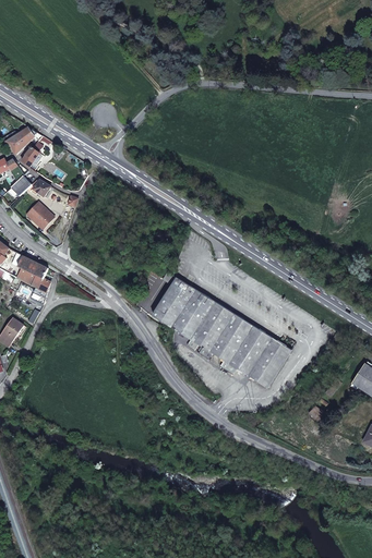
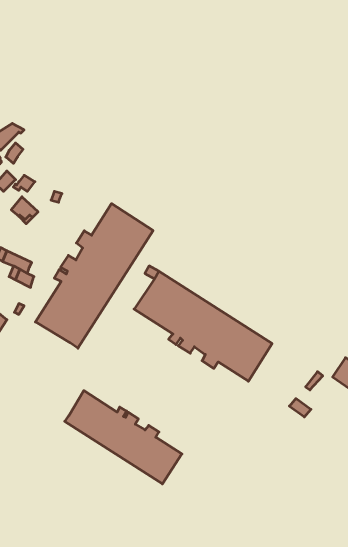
building: none -> [35,204,153,348]
building: none -> [65,391,182,484]

